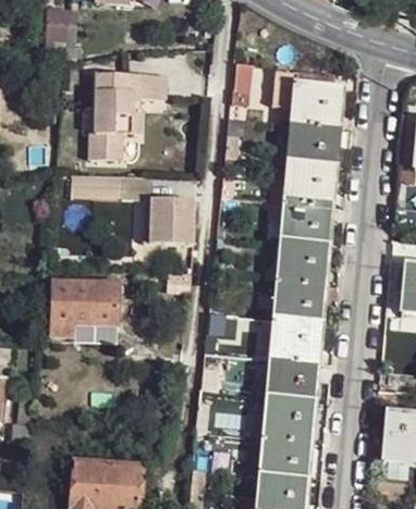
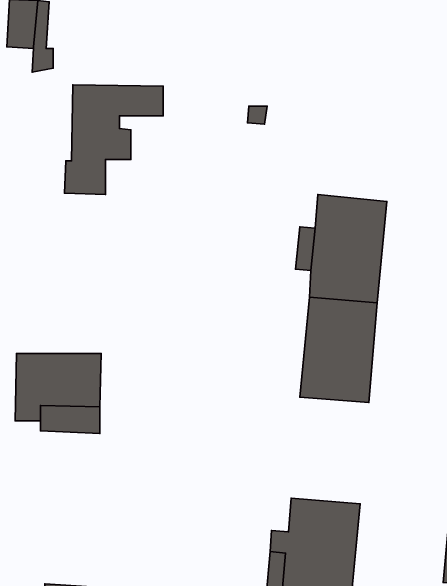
building: [272,72,345,164] -> none
building: [143,198,194,244] -> none
building: [265,315,325,398] -> none

